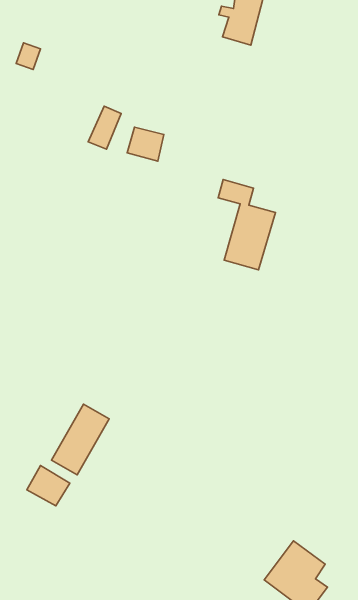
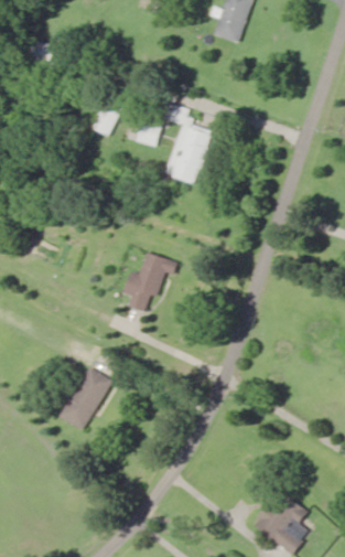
building: [218,180,276,270] -> [159,101,211,183]
building: none -> [123,253,176,311]
building: [27,465,70,506] -> none

